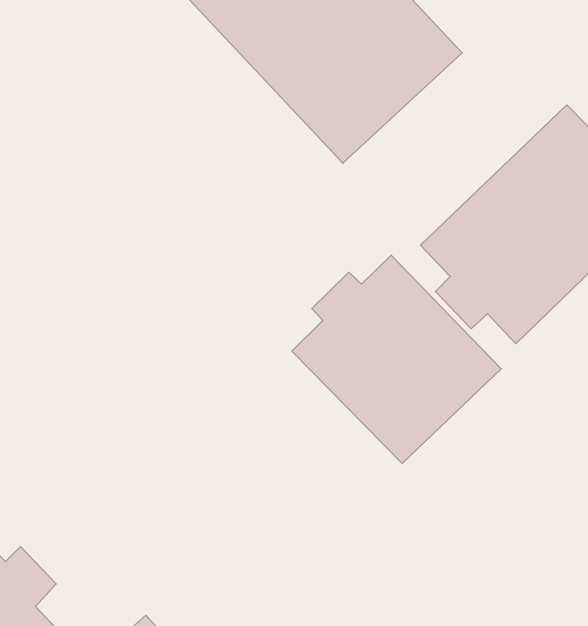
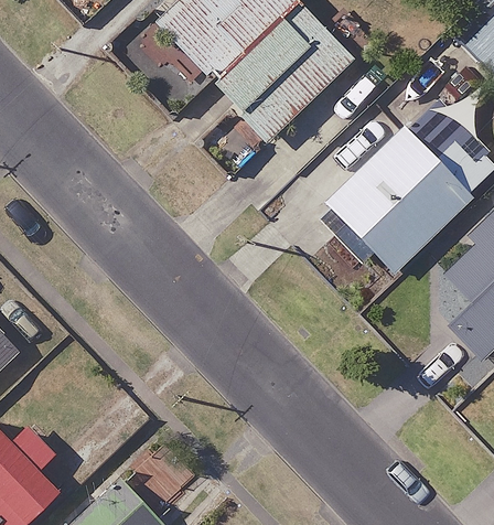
building: [292,255,501,463] -> none

